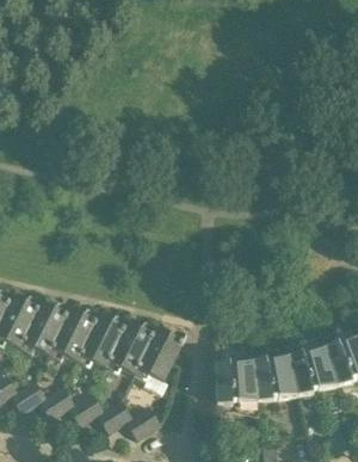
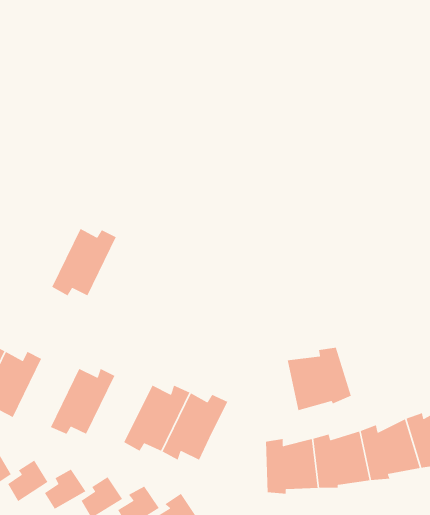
building: none -> [287,347,352,411]
building: [18,298,69,352] -> [51,228,117,296]
building: [75,312,126,365] -> none

